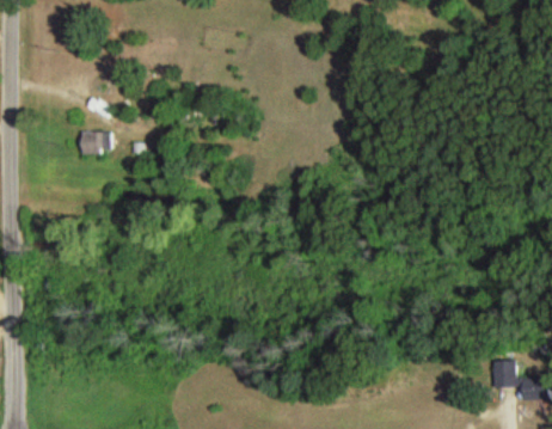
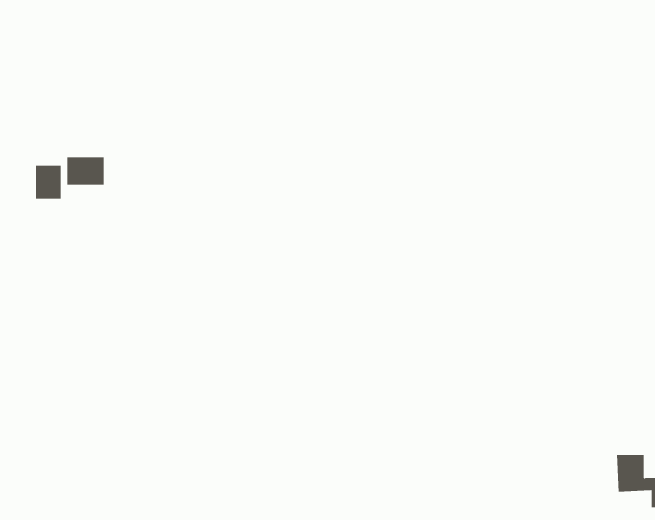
building: none -> [35,165,61,200]

